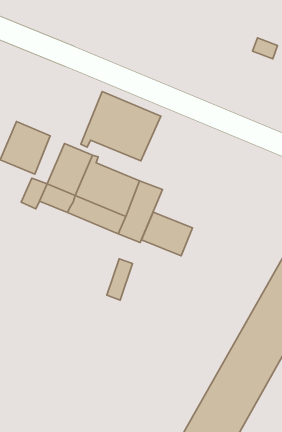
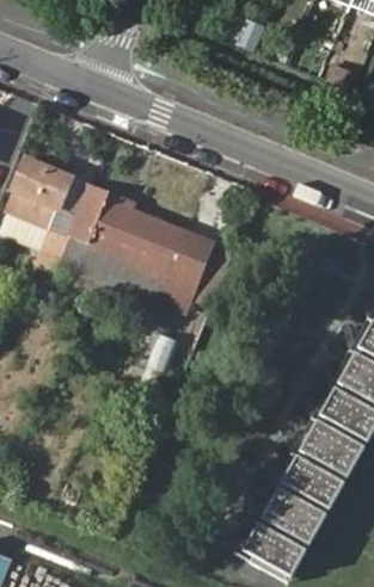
building: [81,92,161,161] -> none
building: [142,212,193,256] -> none

